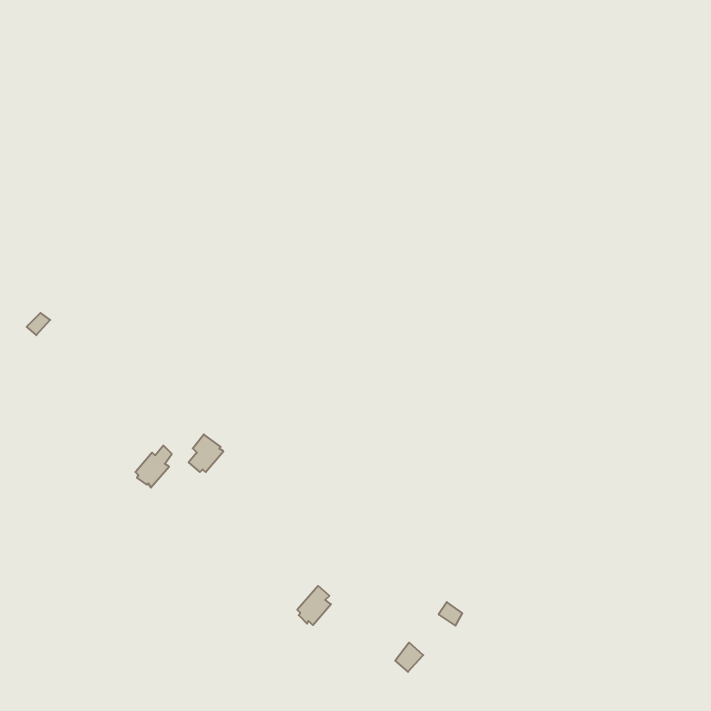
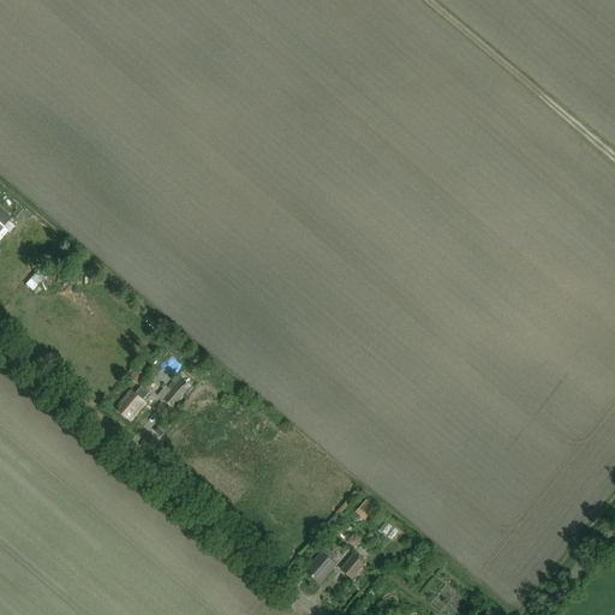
building: [297,586,331,625] -> [306,548,335,581]

